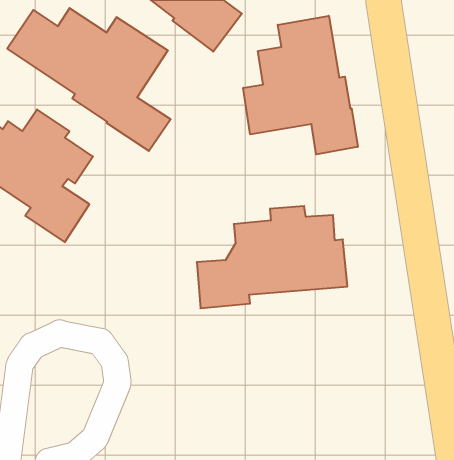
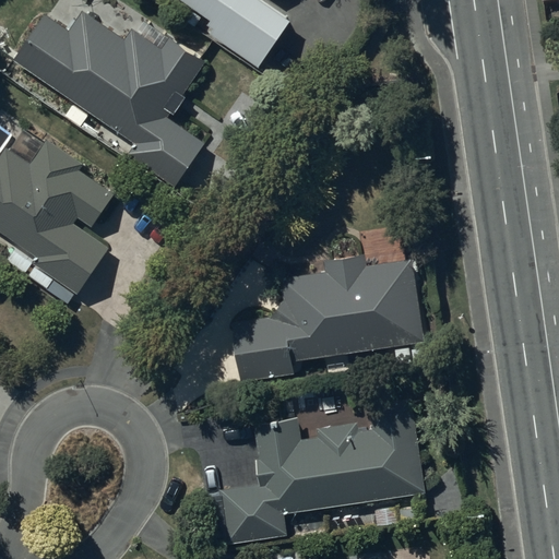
building: [243,16,358,154] -> none
building: none -> [217,397,421,546]

